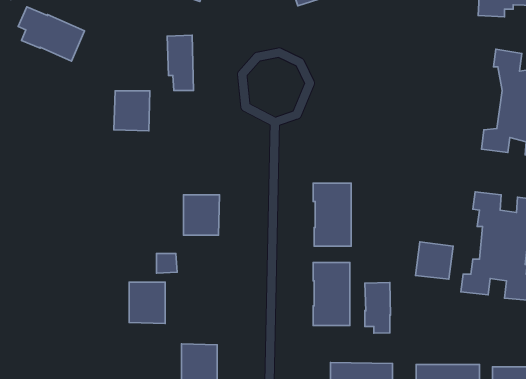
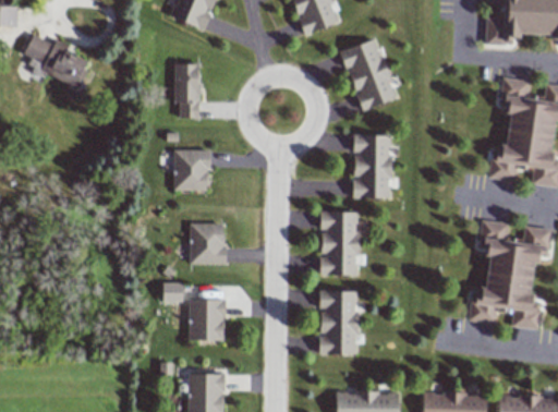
building: none -> [340,39,397,110]
building: [114,91,150,131] -> [174,150,210,191]
building: none -> [353,135,391,198]
building: [415,242,453,279] -> none
building: [129,282,165,324] -> [190,300,226,341]
building: [365,283,391,333] -> none

